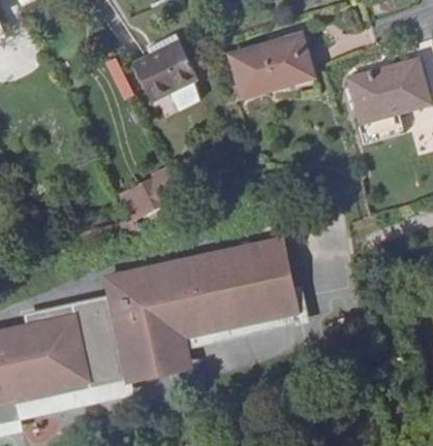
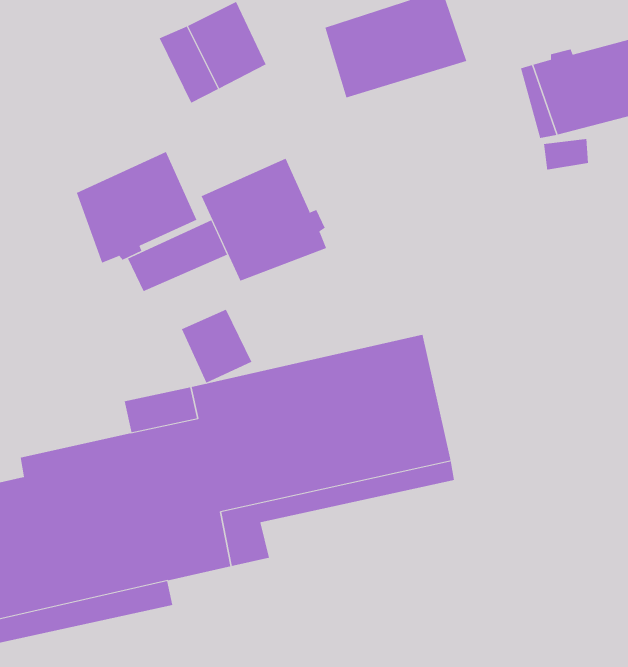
building: none -> [76,151,197,264]
building: none -> [201,158,327,281]
building: none -> [181,309,252,383]

